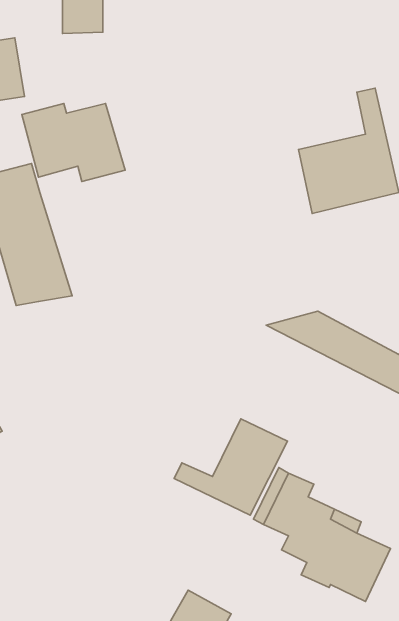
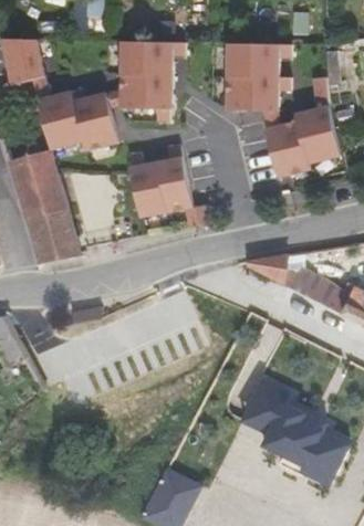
building: none -> [118,43,174,111]
building: none -> [225,44,284,111]
building: none -> [132,157,189,215]
building: [174,419,287,515] -> none

